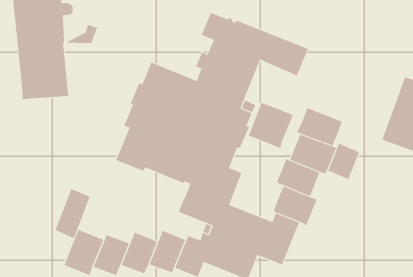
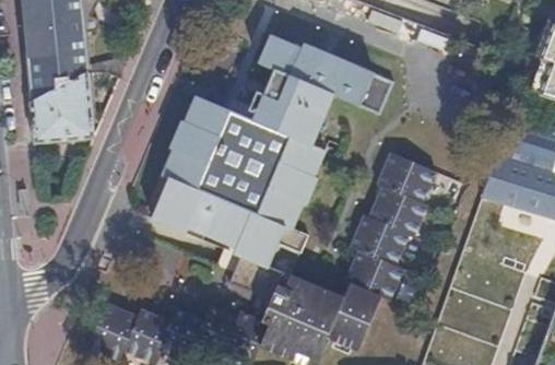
building: [248,102,294,149] -> none
building: [328,143,360,180] -> none
building: [55,188,91,239] -> none

